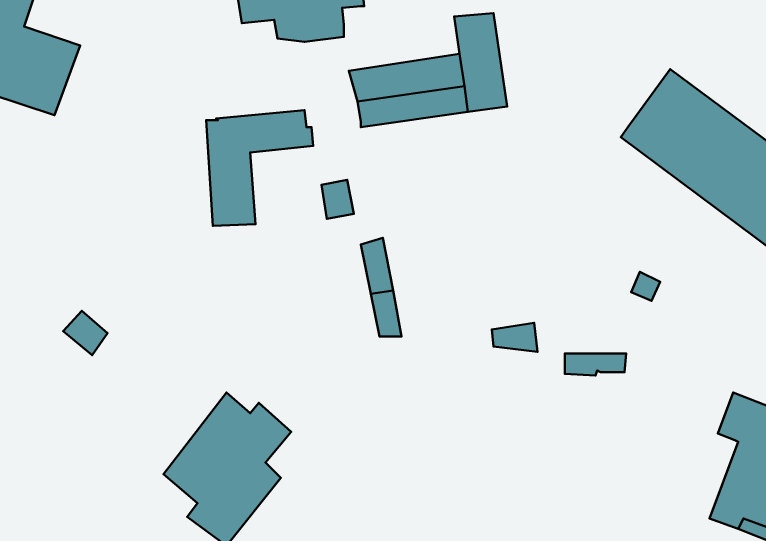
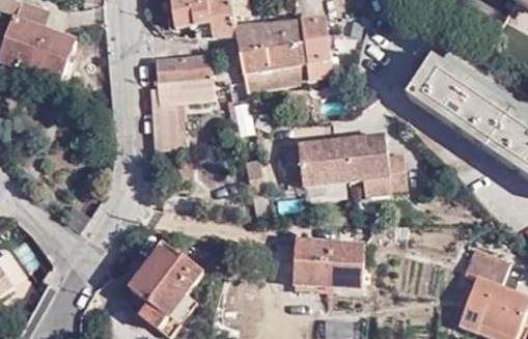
building: none -> [235,19,306,52]
building: none -> [155,53,212,81]
building: none -> [282,133,408,189]
building: none -> [291,237,365,298]

